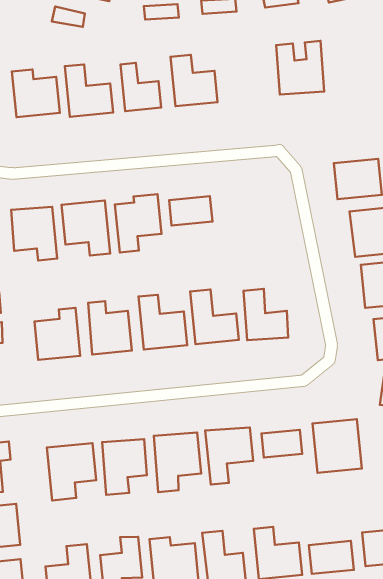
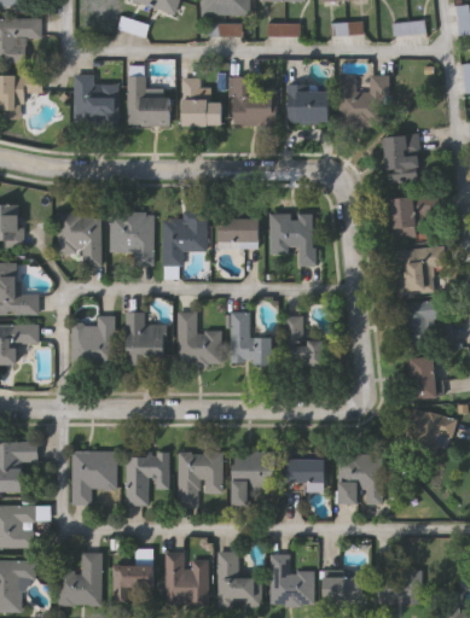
building: none -> [288,87,329,123]
building: none -> [384,135,420,182]
building: none -> [269,214,317,266]

